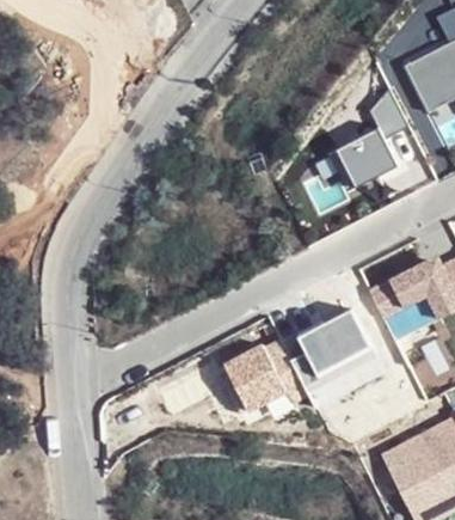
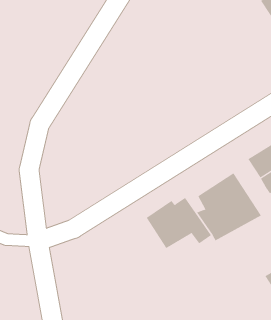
building: [337,86,410,188] -> none

